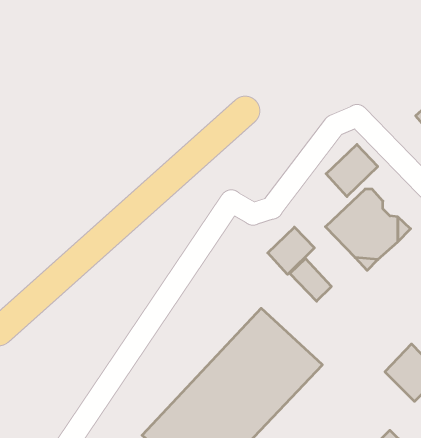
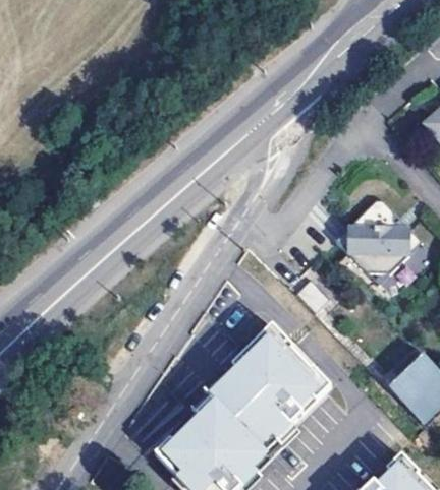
building: [326,144,378,197] -> none
building: [268,227,314,274] -> none

